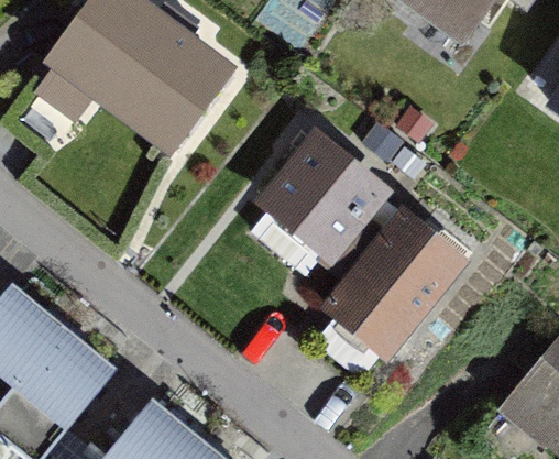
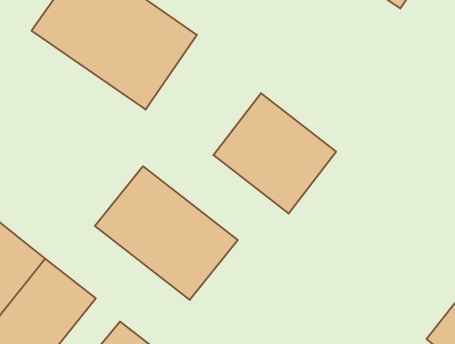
building: [313,206,467,372] -> none
building: none -> [95,166,238,300]

